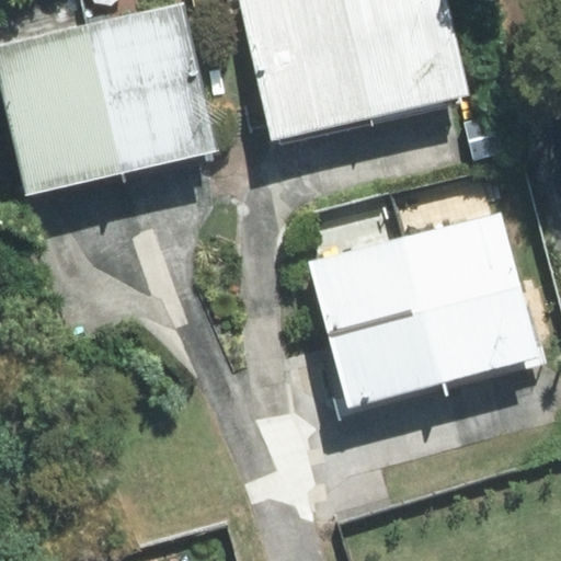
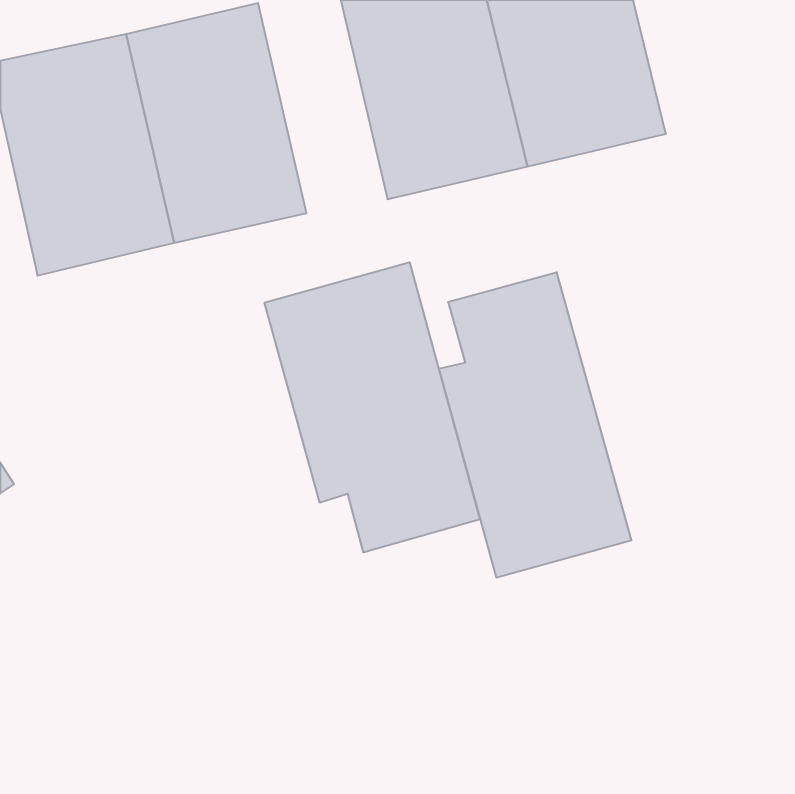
building: [392,169,536,381] -> none
building: none -> [264,262,480,552]

